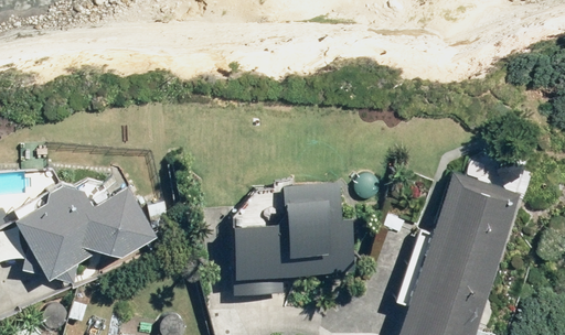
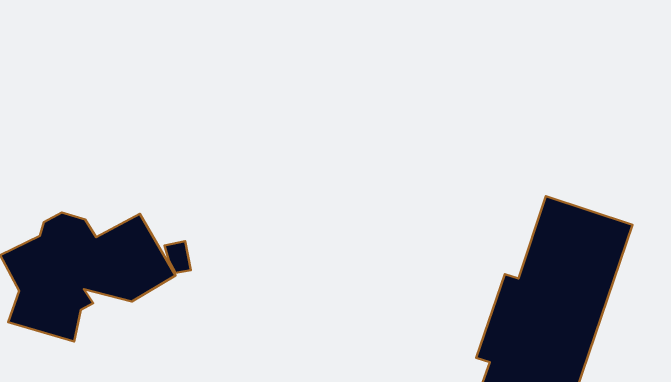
building: [232,185,353,296] -> none

